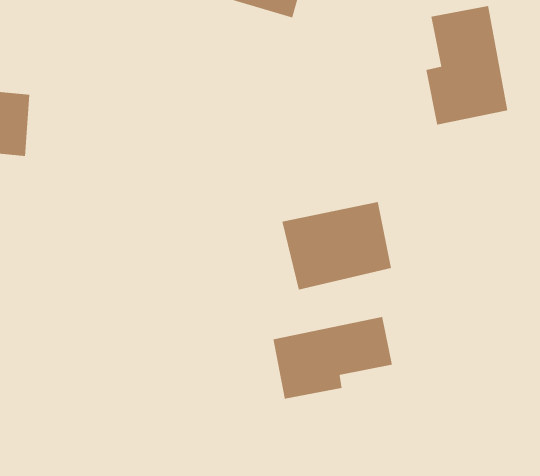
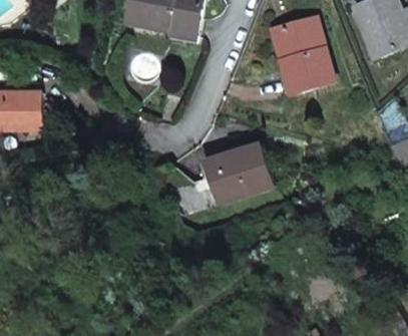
building: [273,316,393,400] -> none

